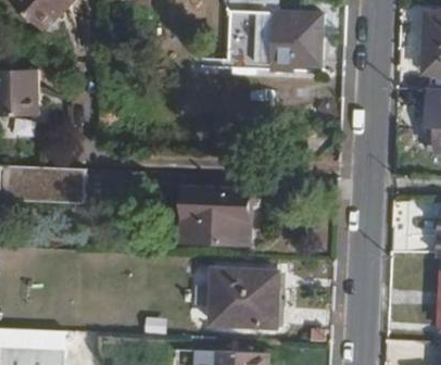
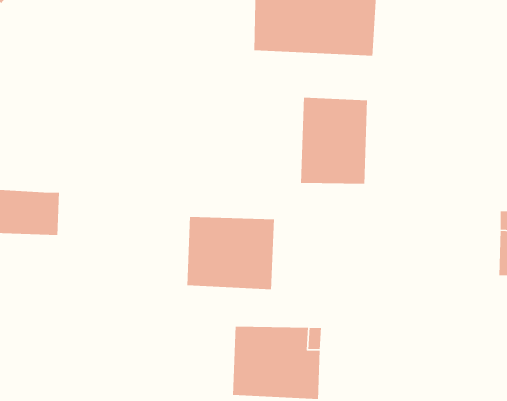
building: none -> [300,97,368,185]

